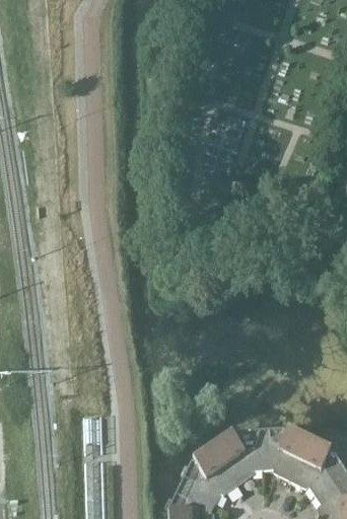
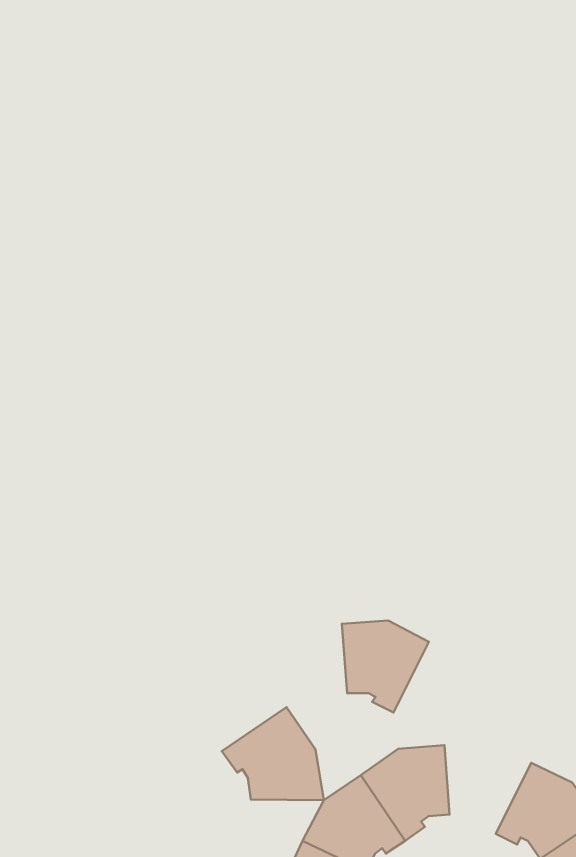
building: none -> [222,707,324,800]
building: [260,428,309,480] -> [342,620,429,713]

